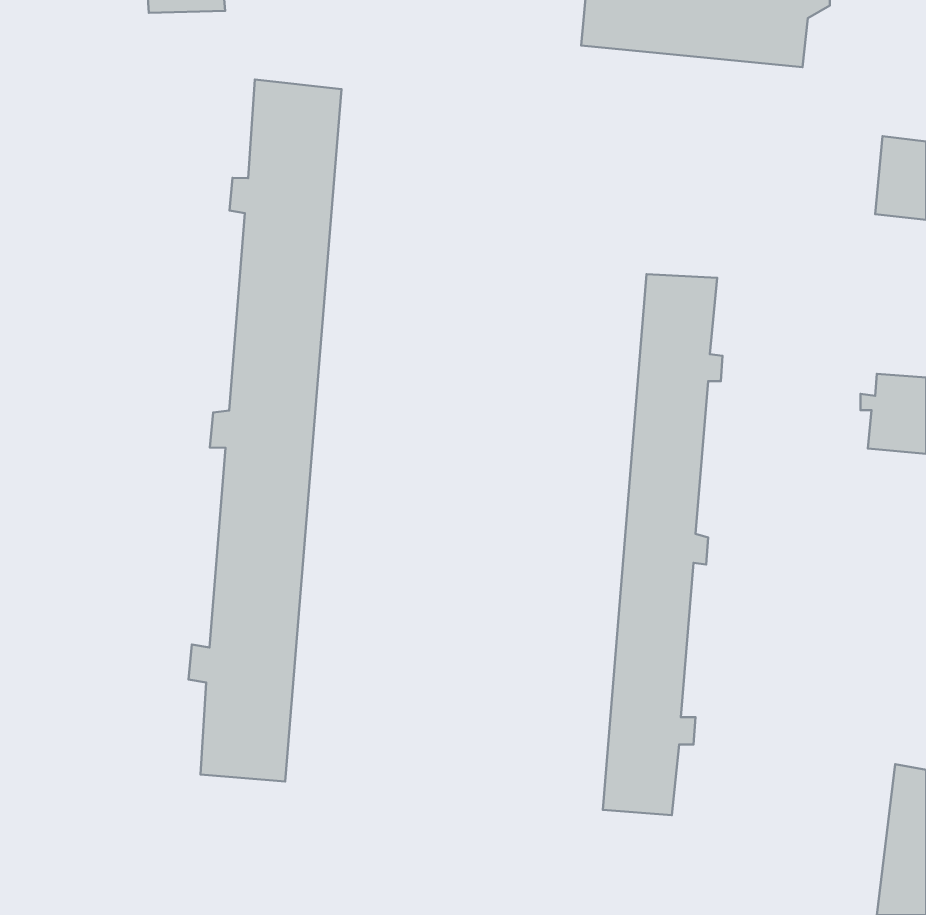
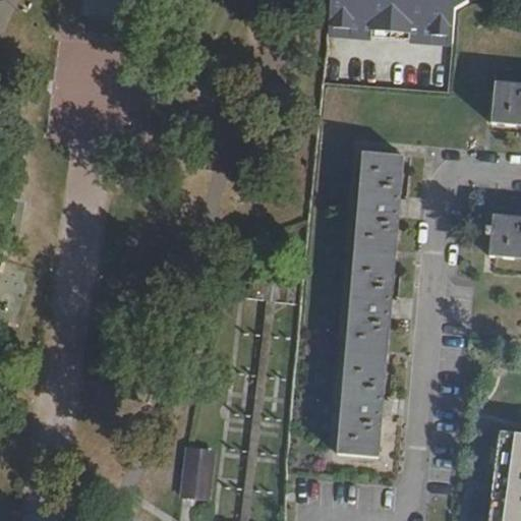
building: [188,79,342,781] -> none
building: none -> [180,444,211,495]

